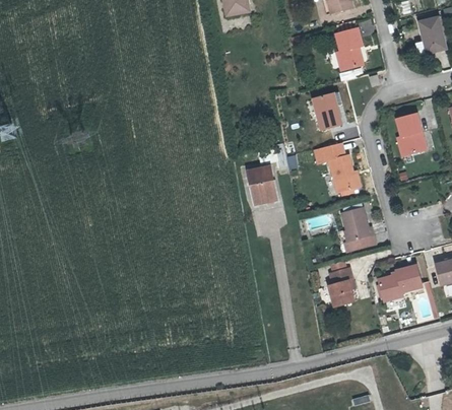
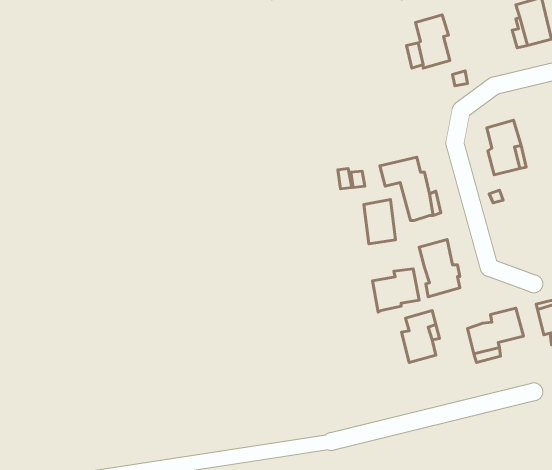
building: [315,92,345,131] -> none
building: [248,165,273,201] -> [364,199,396,244]
building: none -> [372,269,419,312]

